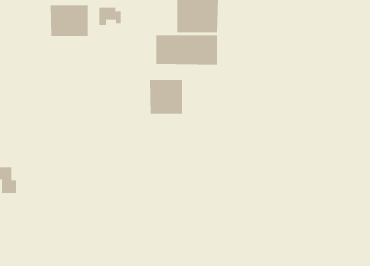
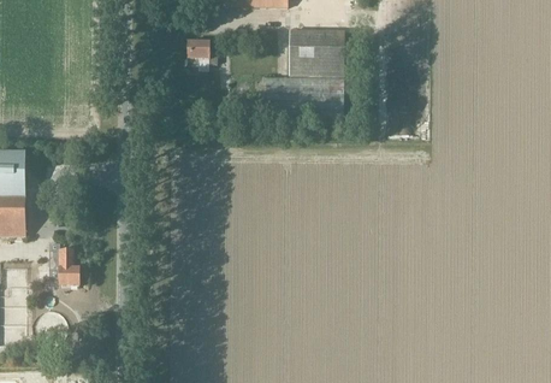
building: [50,4,88,37] -> none
building: [150,79,182,115] -> none

